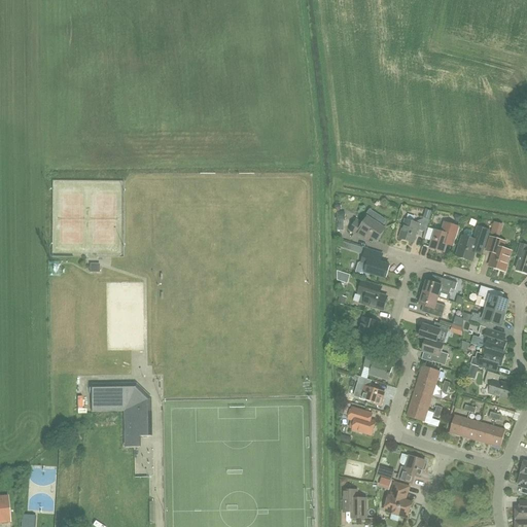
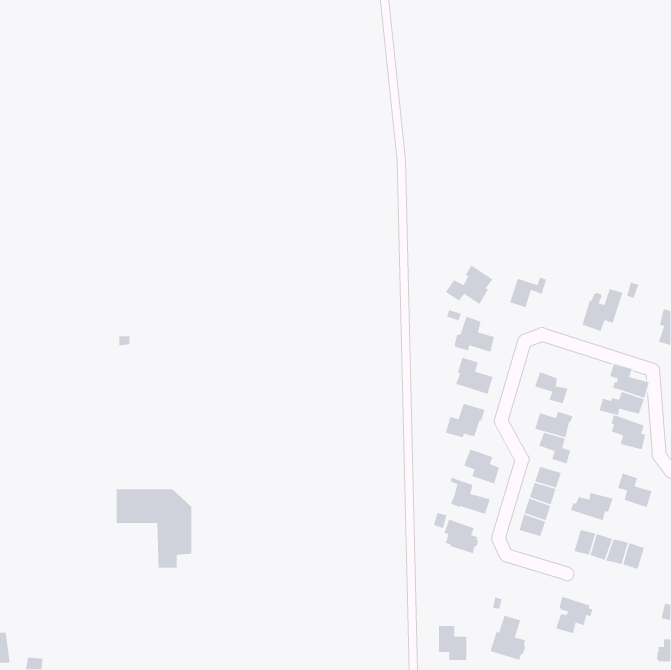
building: [429,220,458,250] -> none
building: [485,236,510,270] -> none
building: [420,276,456,298] -> none
building: [470,348,504,371] -> [570,492,614,521]
building: [396,452,426,482] -> [555,596,593,634]

